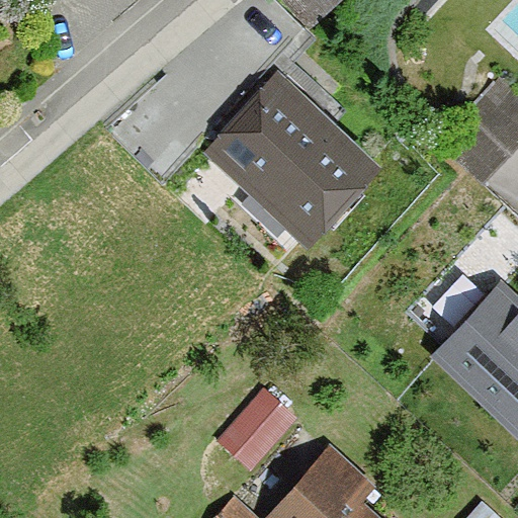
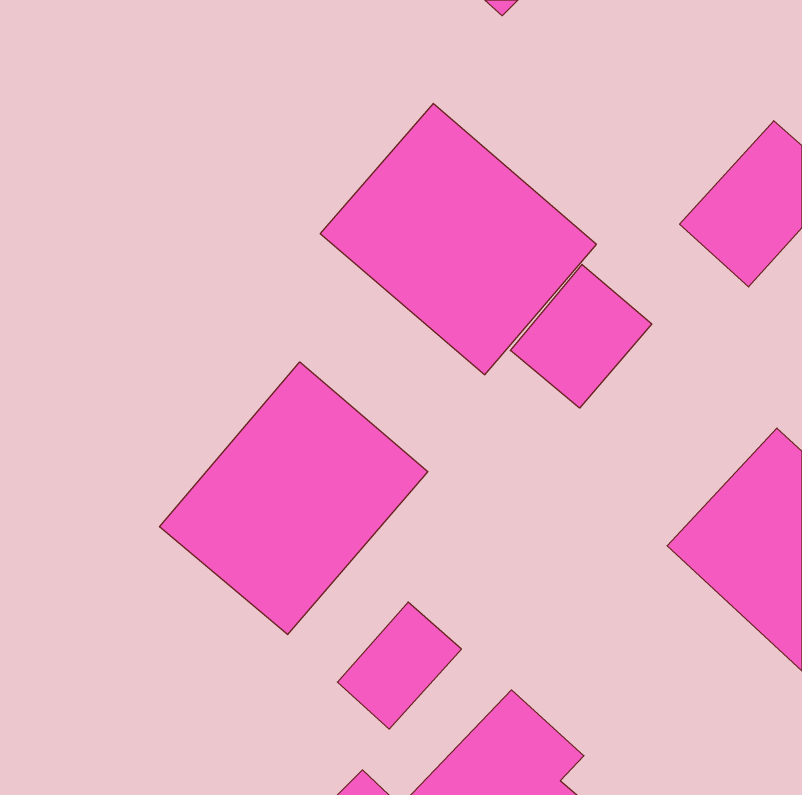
building: none -> [510,264,652,408]
building: none -> [160,362,428,635]

